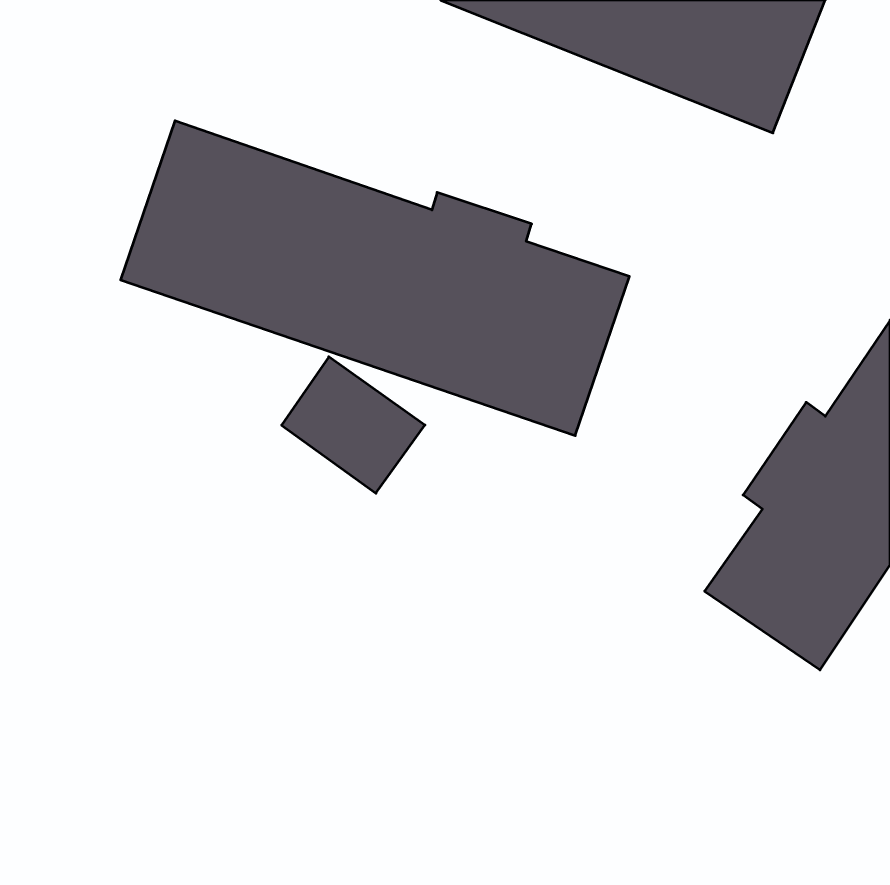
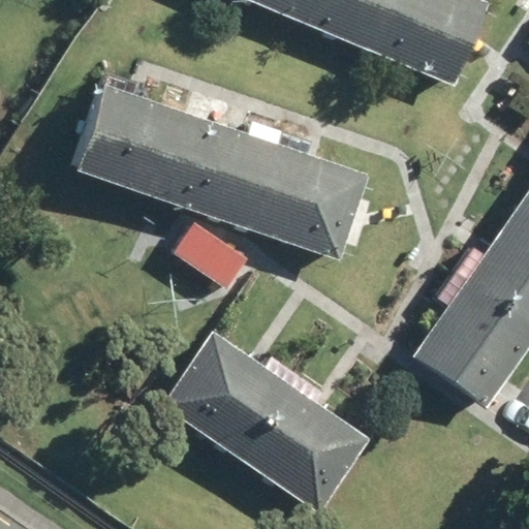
building: none -> [159,321,377,517]

